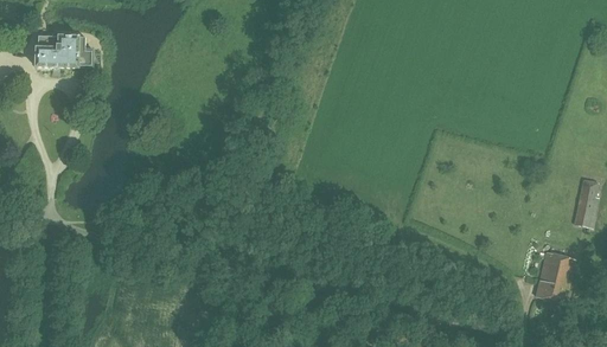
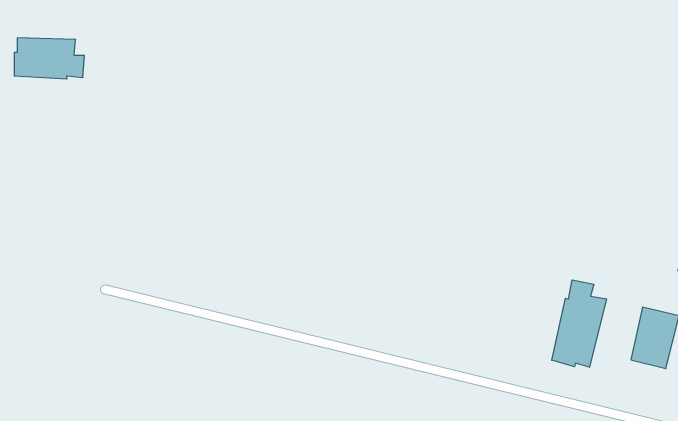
building: none -> [552,280,607,367]

